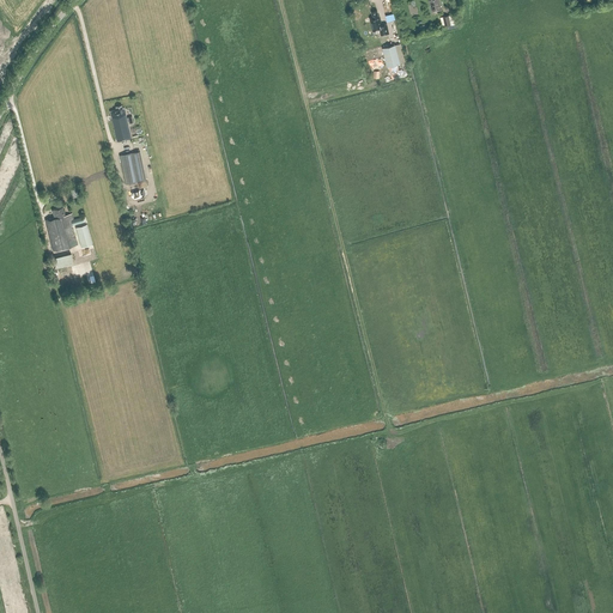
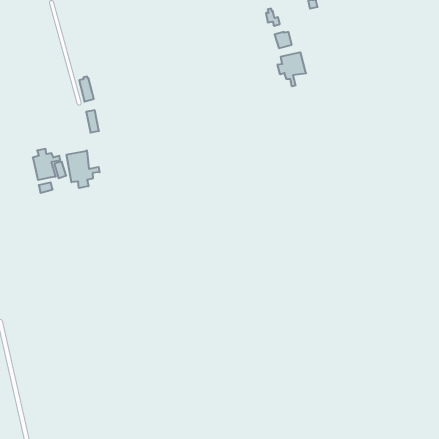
building: none -> [278,52,306,86]
building: none -> [67,150,100,188]

